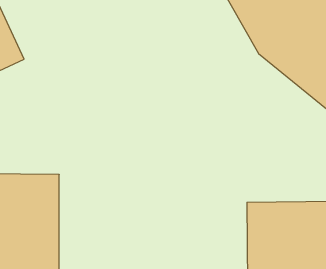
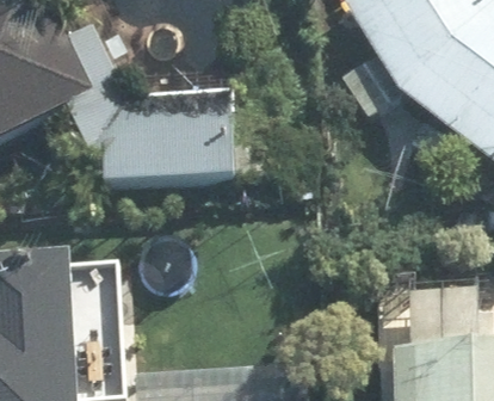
building: none -> [100,91,231,181]

